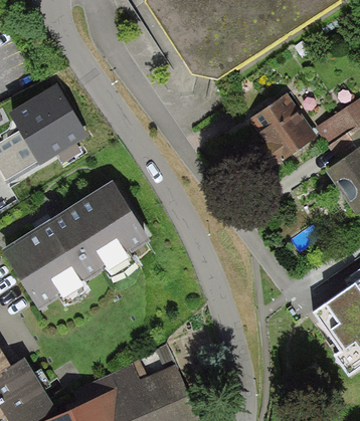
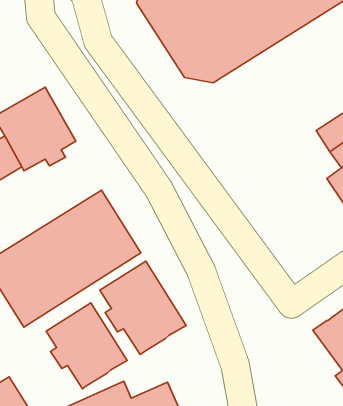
building: [249,91,319,167] -> none
building: none -> [100,261,186,354]
building: none -> [46,303,127,389]

